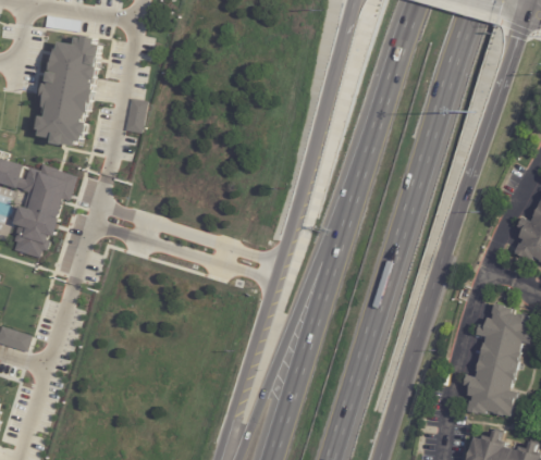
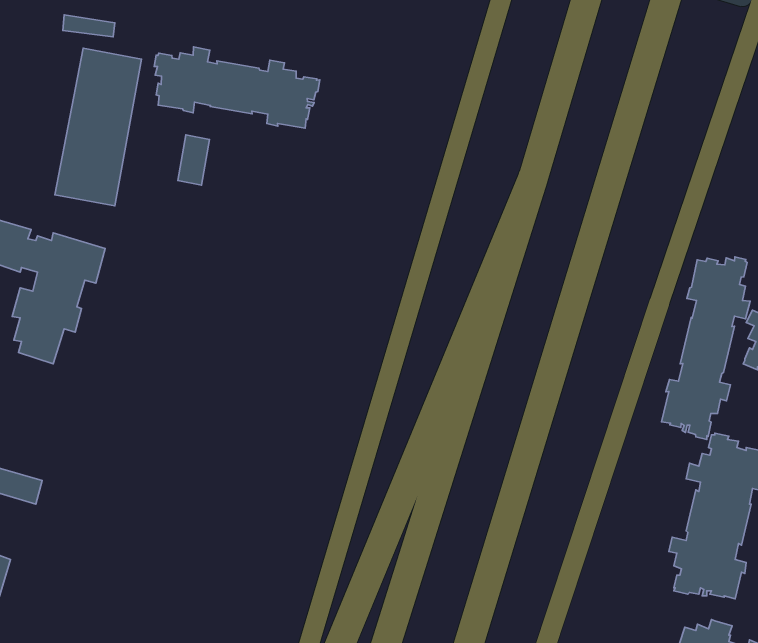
building: none -> [154,47,320,128]
building: none -> [662,257,750,440]

